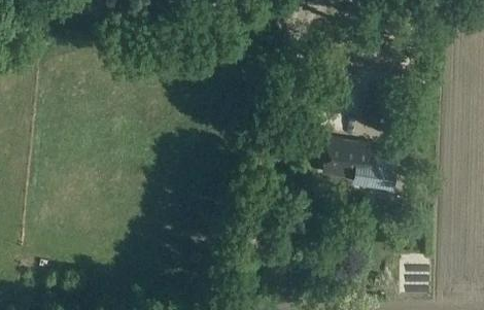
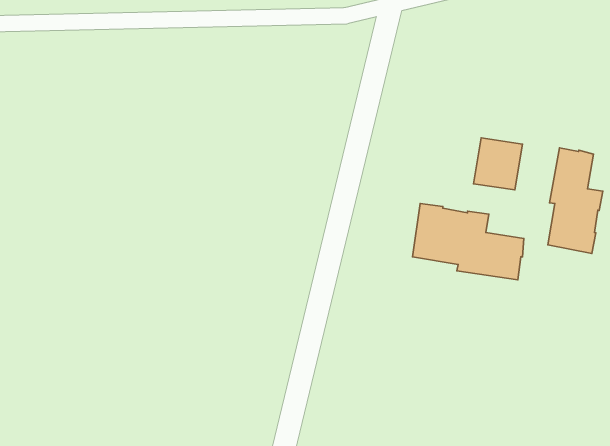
building: none -> [548,148,603,253]

